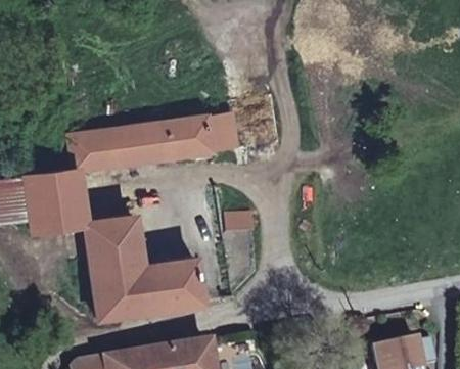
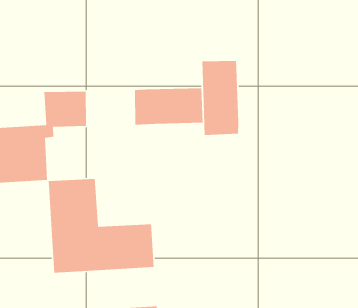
building: none -> [201,60,239,136]
building: [114,122,168,165] -> none

